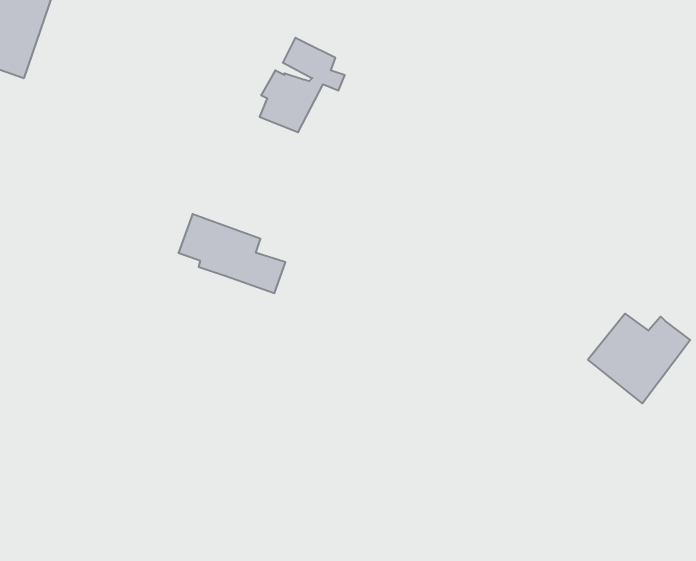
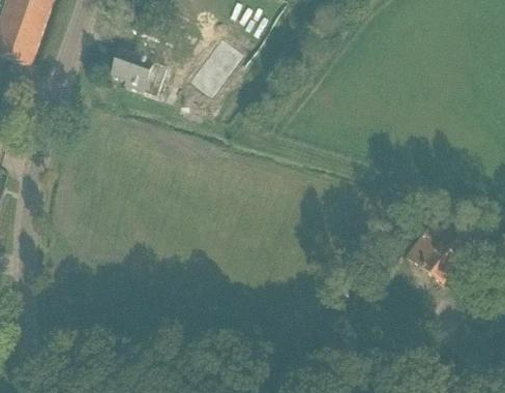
building: [178,214,285,293] -> [111,49,182,101]

